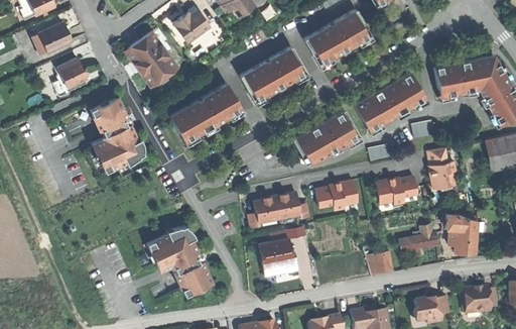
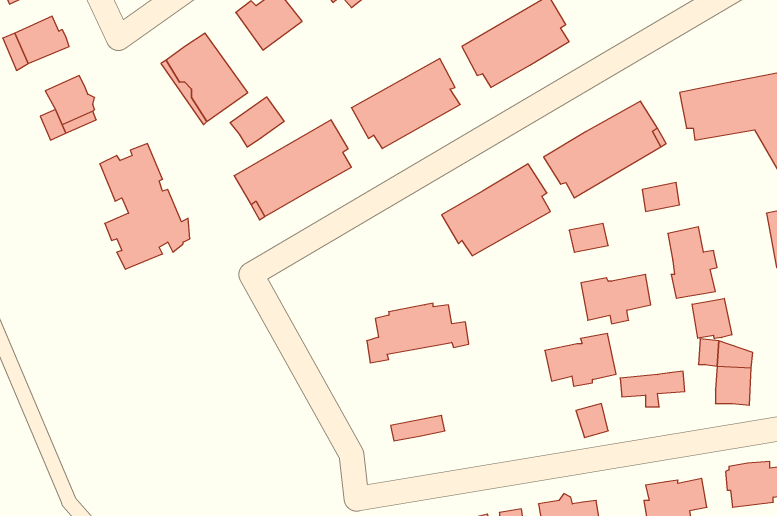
building: none -> [230,97,284,147]
building: [316,179,359,210] -> [545,334,616,386]
building: none -> [692,298,732,339]
building: [147,226,213,296] -> none
building: [259,237,293,265] -> none

